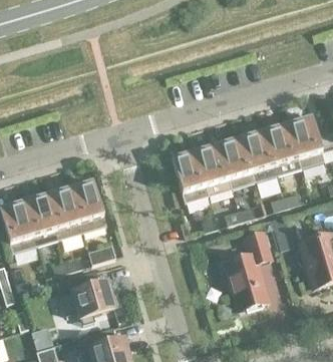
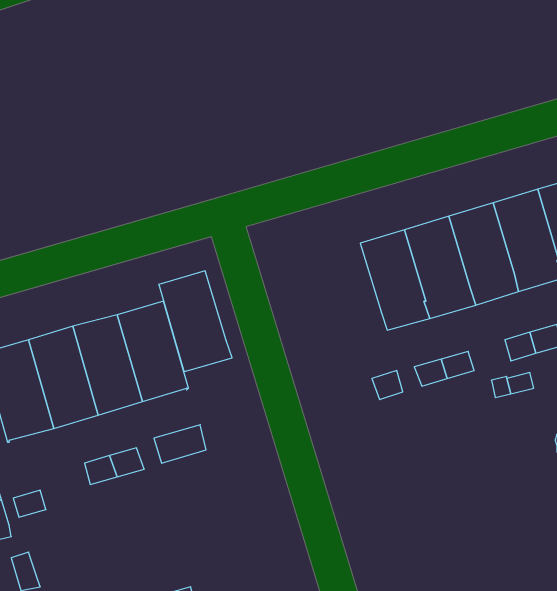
building: [172,150,210,203] -> [159,271,232,371]
building: [225,232,272,311] -> none
building: [56,273,119,324] -> none

